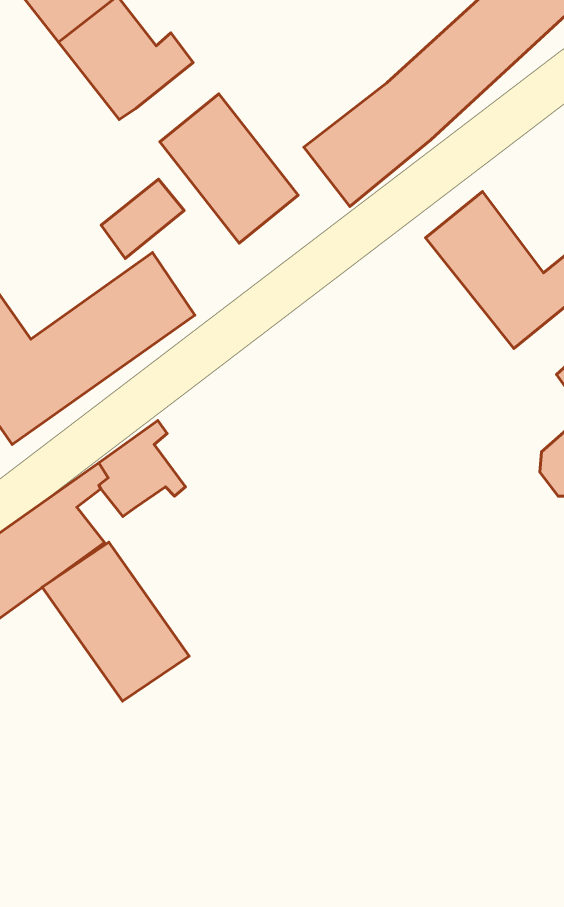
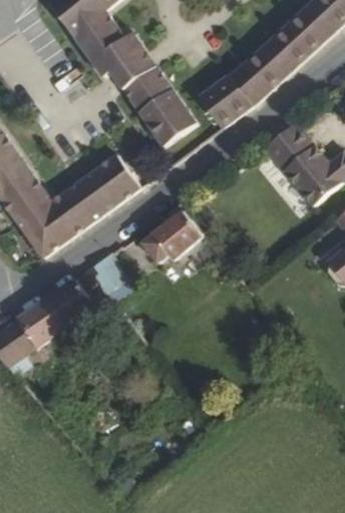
building: [101,179,184,258] -> [108,49,153,92]
building: none -> [139,209,206,265]
building: [42,542,189,701] -> none

